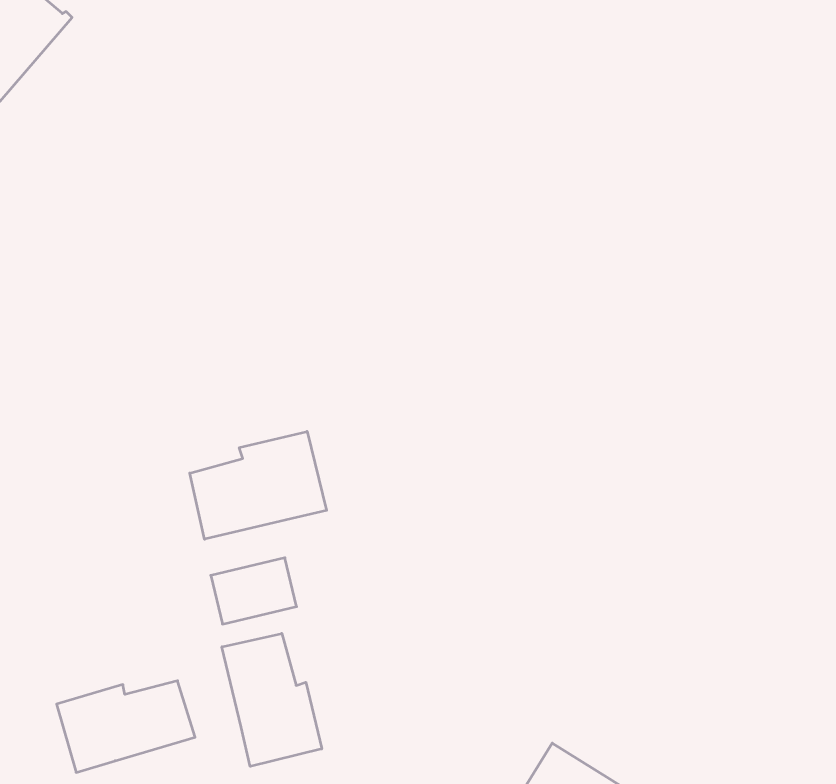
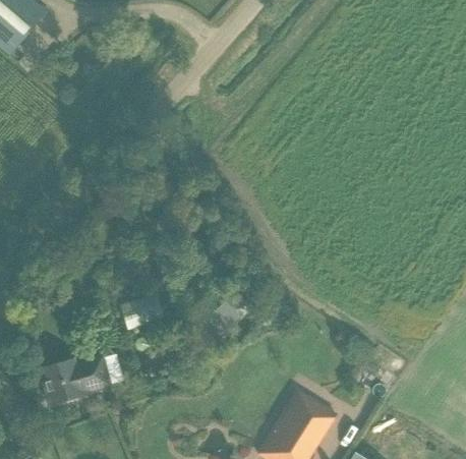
building: [190,431,327,539] -> none
building: [222,633,322,766] -> none

